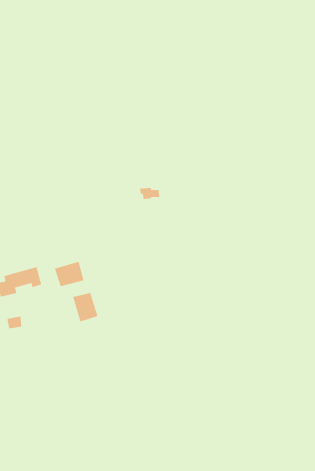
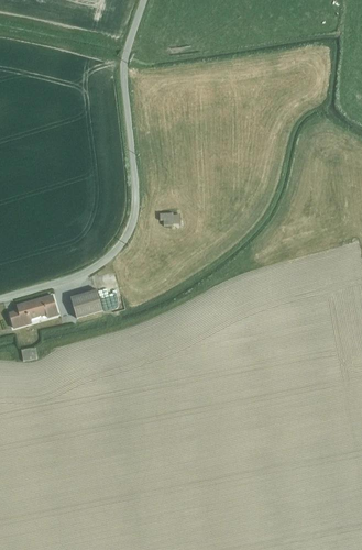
building: [72,292,99,323] -> none

